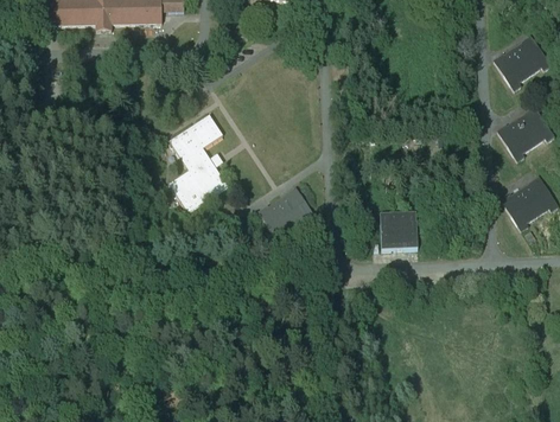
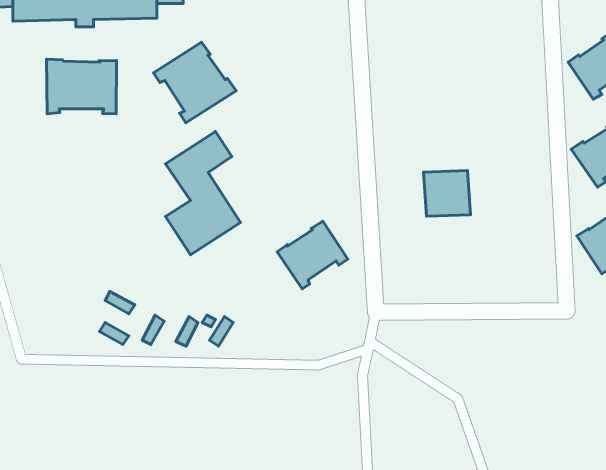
building: none -> [154,42,236,123]
building: none -> [47,59,116,114]
building: [377,215,415,251] -> [423,171,470,216]

